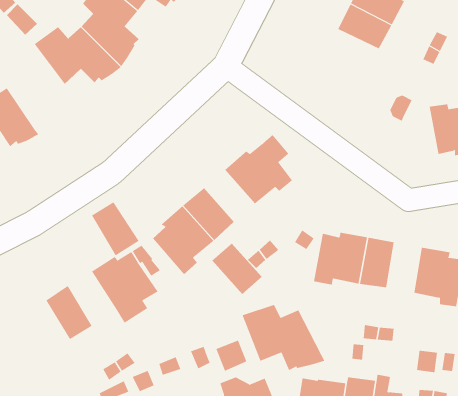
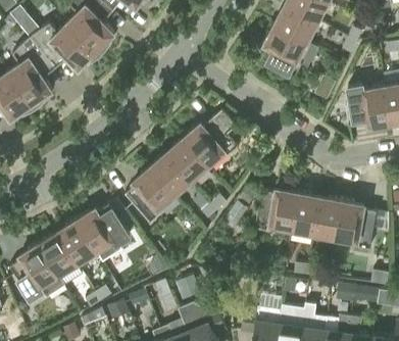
building: none -> [260,26,317,77]
building: none -> [8,38,54,110]
building: [91,202,139,256] -> [57,221,96,264]
building: none -> [313,197,341,238]
building: [212,243,262,295] -> [166,139,207,181]
building: none -> [9,244,64,299]
building: [242,304,325,371] -> none

